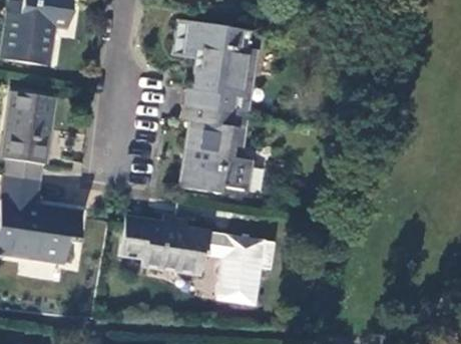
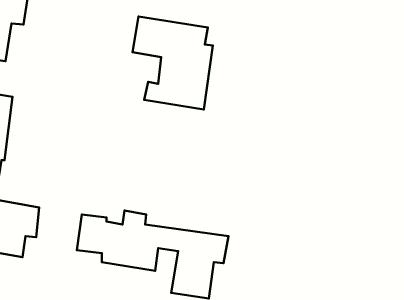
building: [183,104,251,193] -> none

